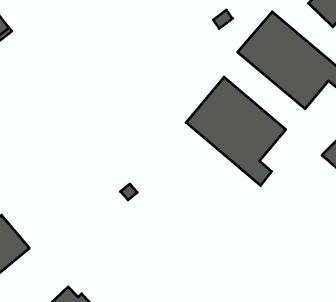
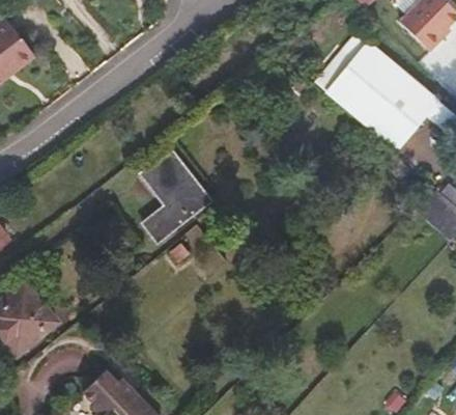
building: [186,77,286,186] -> none
building: none -> [141,149,211,242]

